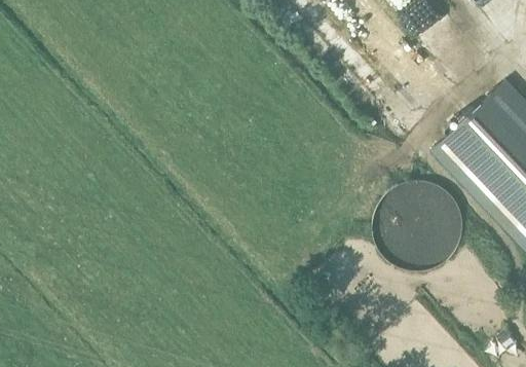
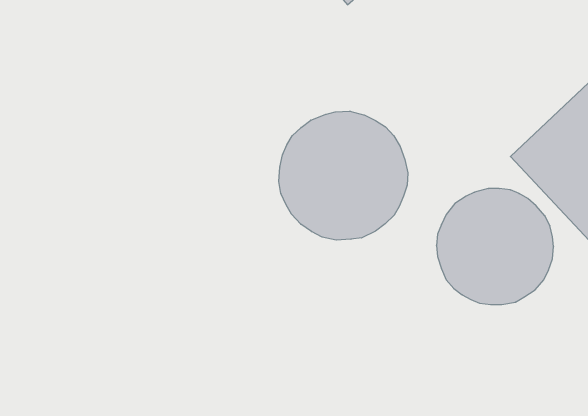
building: none -> [279,111,408,240]

